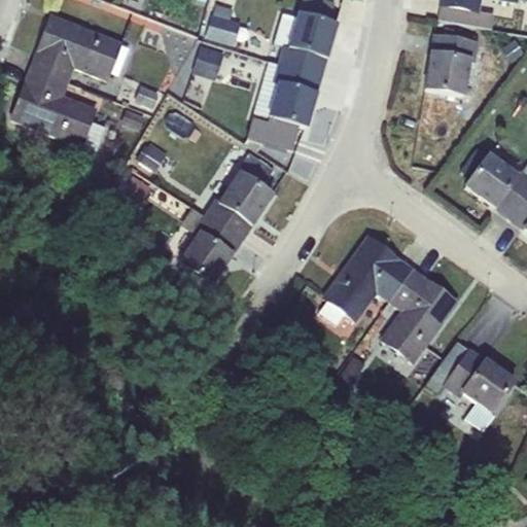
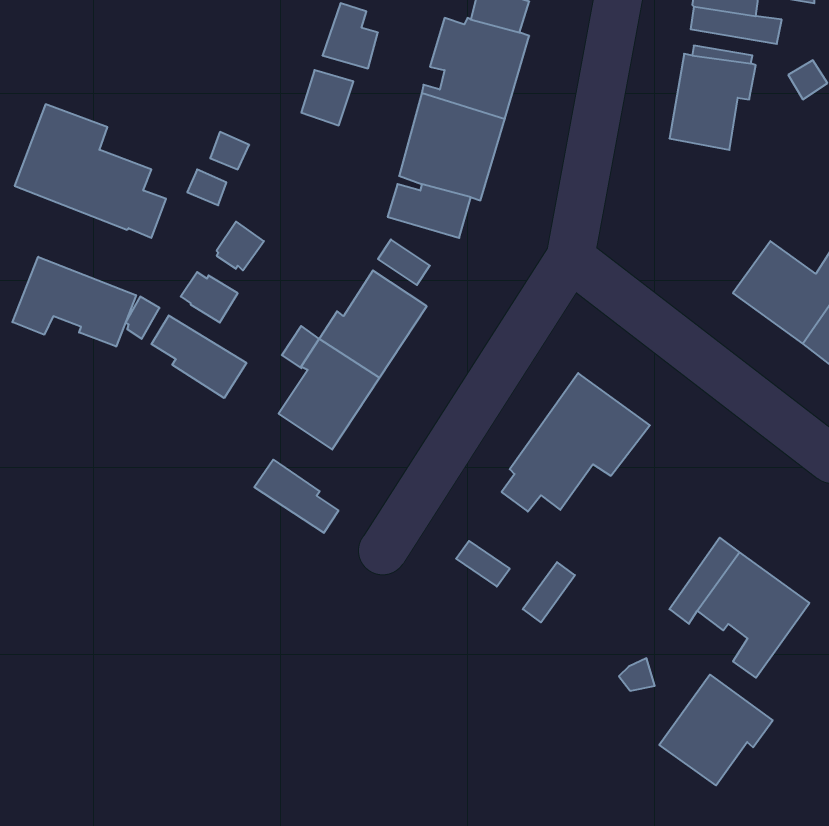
building: [31,14,122,80] -> none
building: none -> [12,257,136,347]
building: none -> [151,315,246,398]
building: [379,269,457,363] -> none
building: none -> [254,460,338,533]
building: none -> [659,675,773,785]

